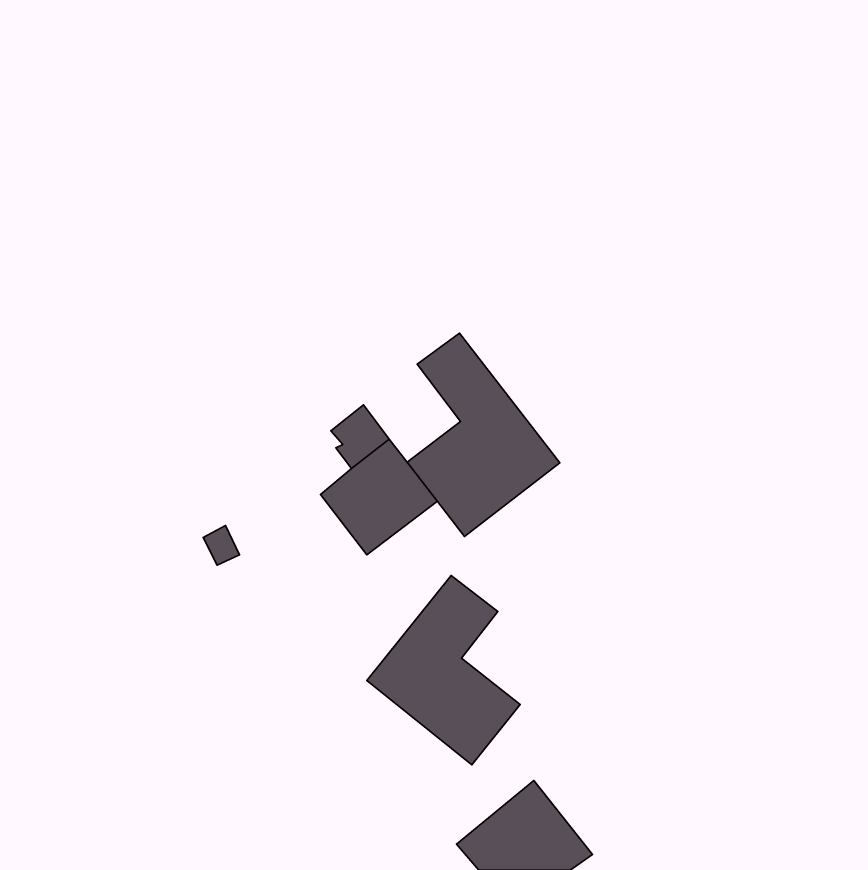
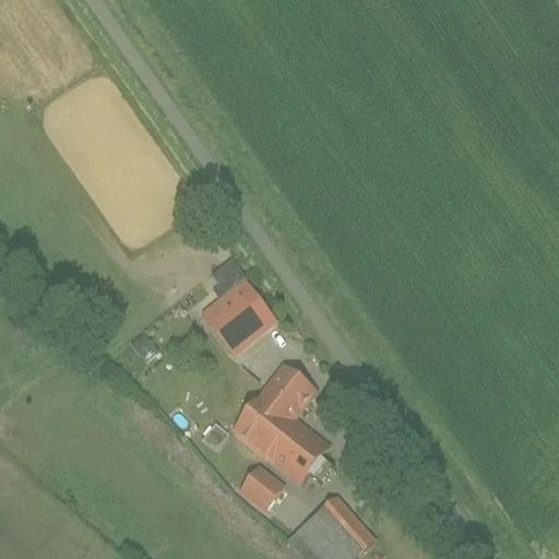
building: [407,333,560,537] -> none
building: none -> [238,466,286,512]

